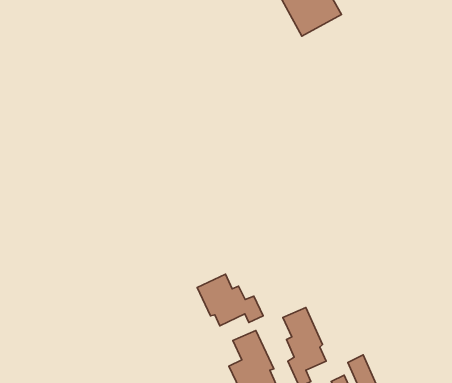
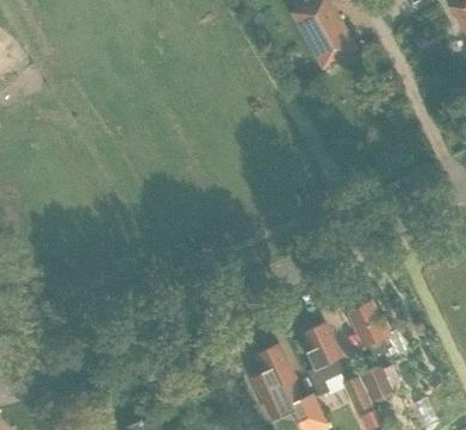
building: [197,274,263,326] -> none
building: none -> [348,301,405,357]

